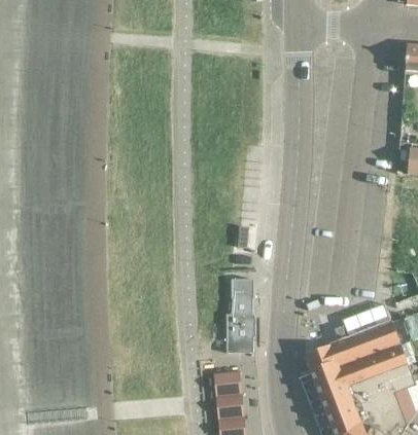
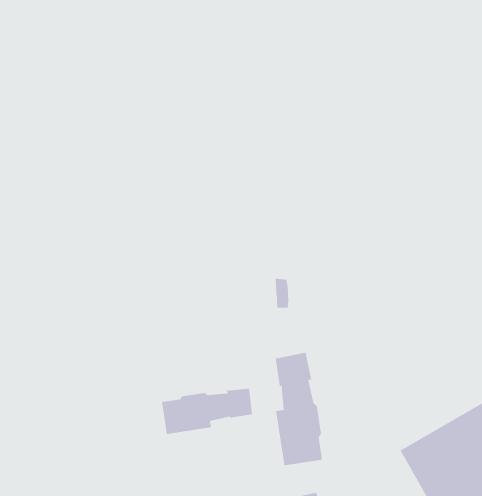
building: none -> [161,388,253,435]

